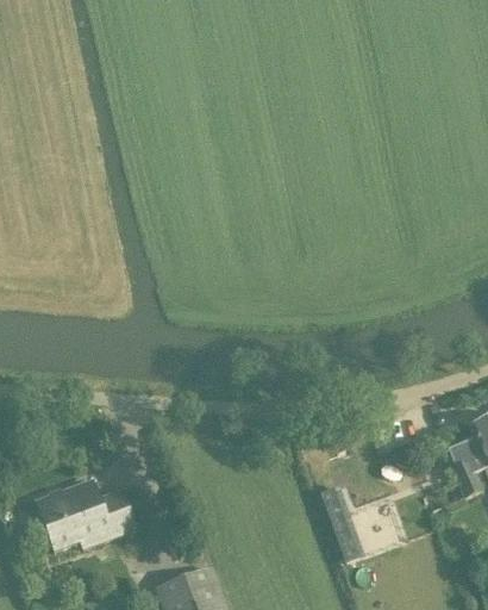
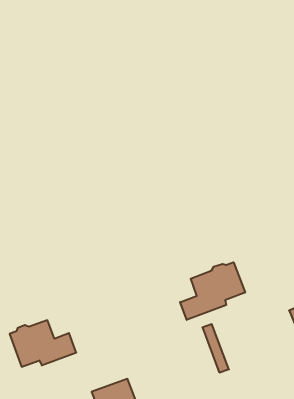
building: none -> [180,262,245,320]

